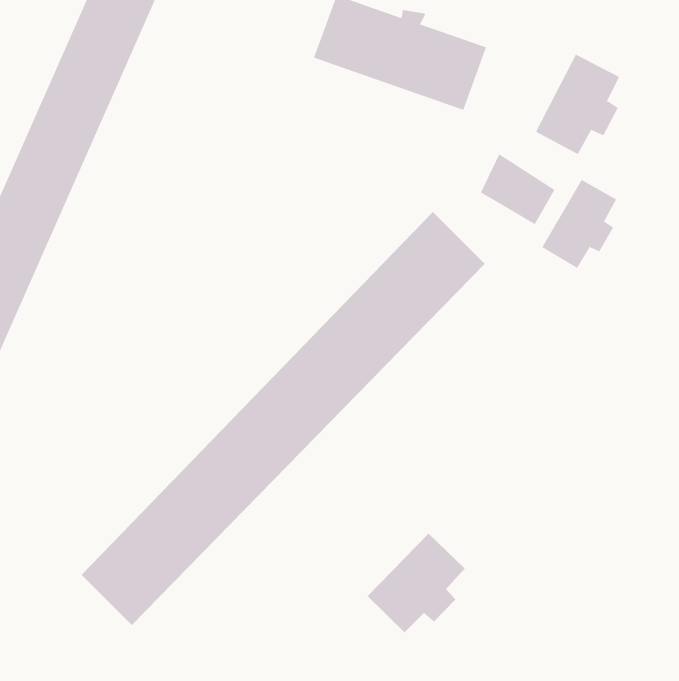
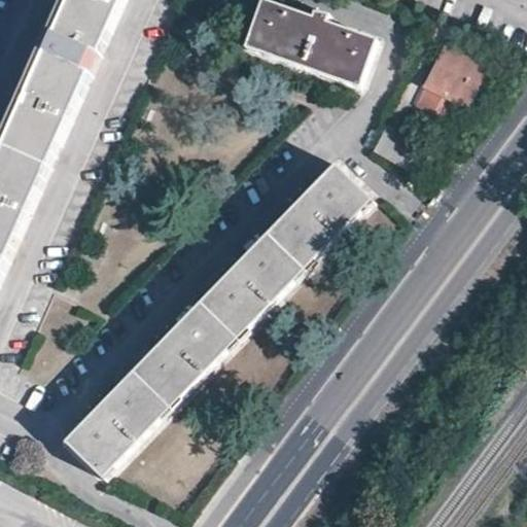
building: [541,179,617,269] -> none
building: [367,533,466,633] -> none

